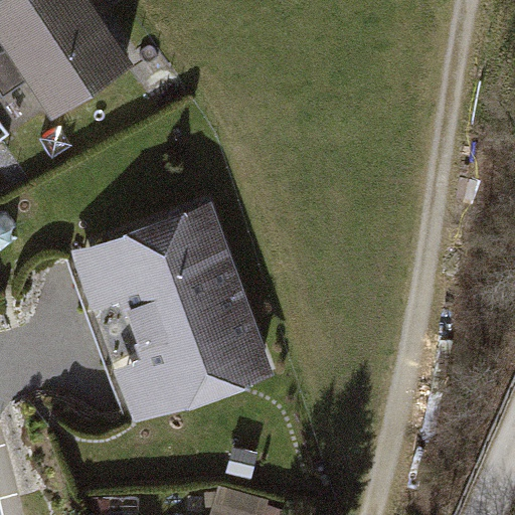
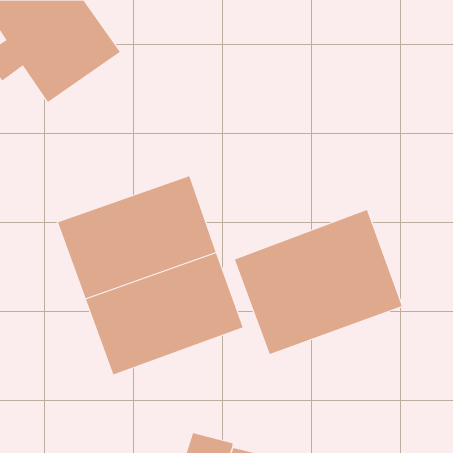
building: none -> [234,209,402,355]

